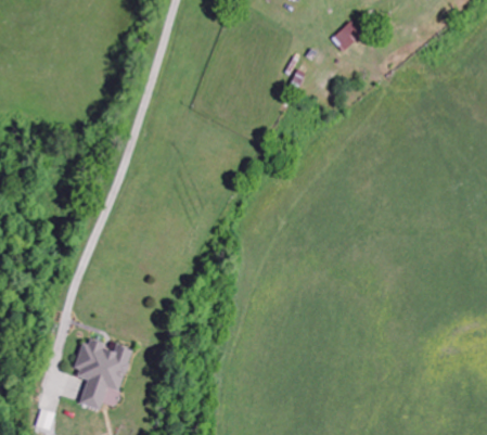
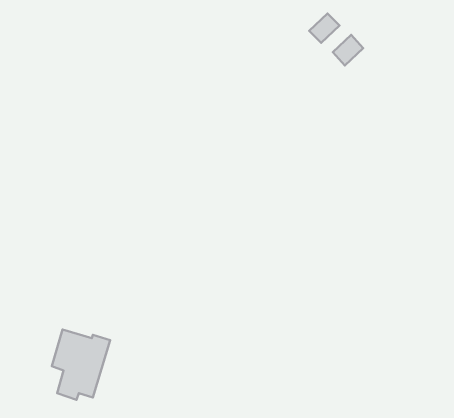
building: none -> [333,35,363,65]

